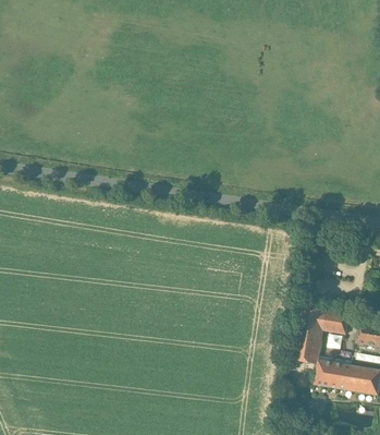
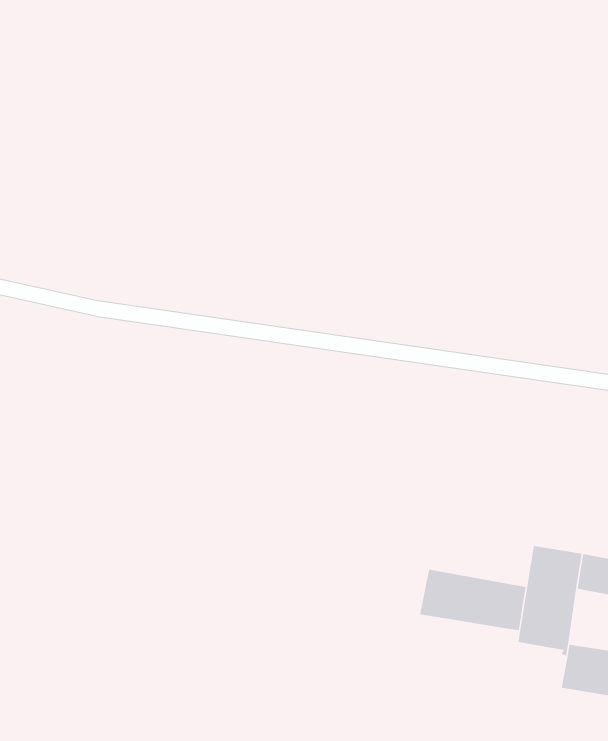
building: none -> [420,569,526,631]

